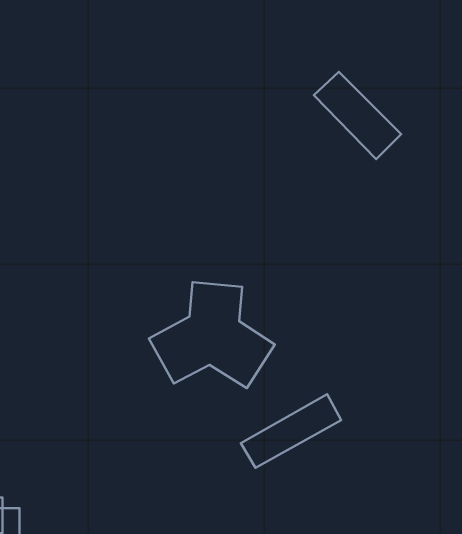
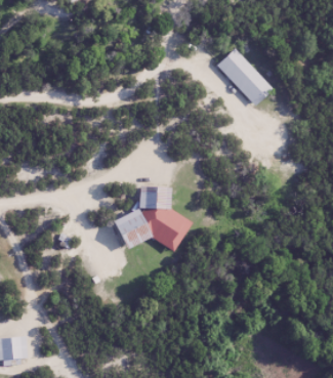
building: [241,394,341,468] -> none

